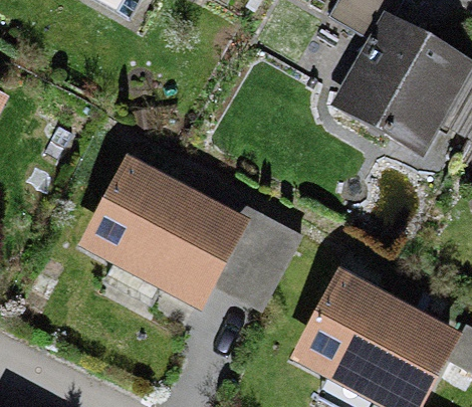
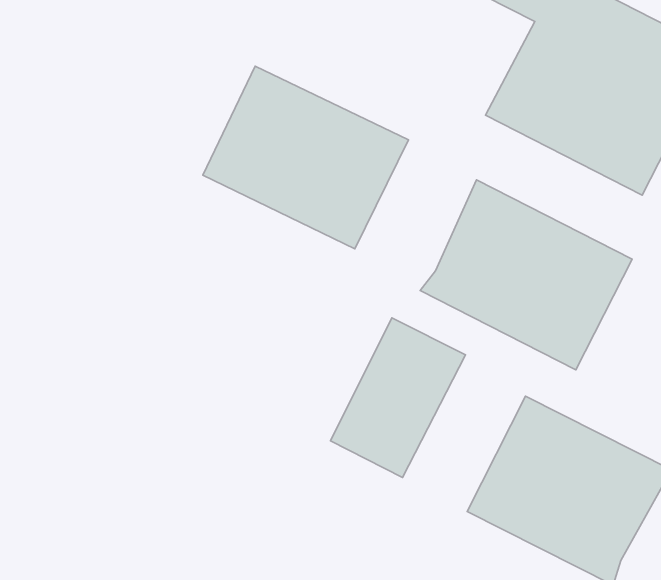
building: none -> [420,180,632,370]
building: [99,179,234,298] -> [203,66,409,249]

